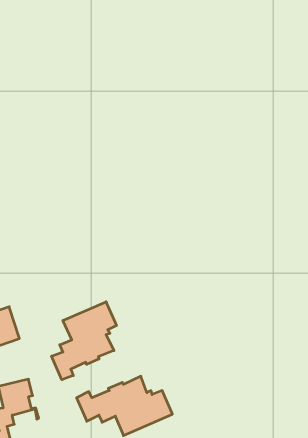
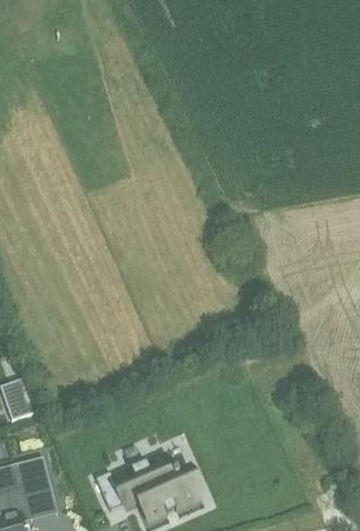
building: [52,302,116,380] -> none

